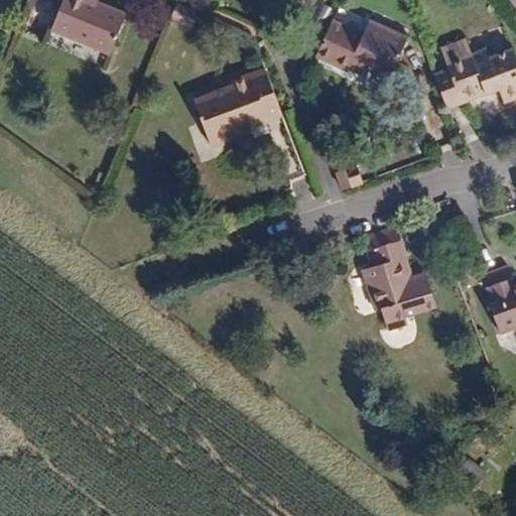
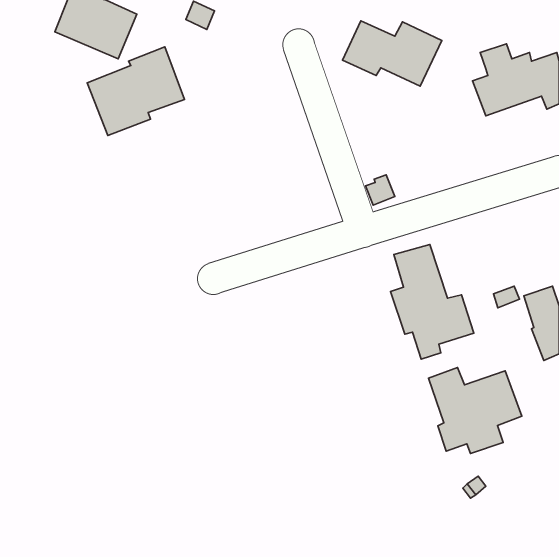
building: [194,67,283,148] -> [87,47,184,135]
building: none -> [429,367,522,453]

